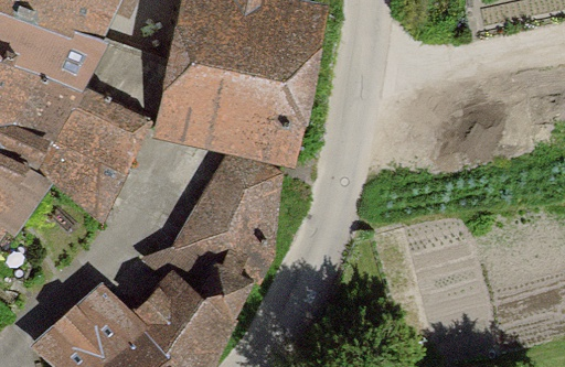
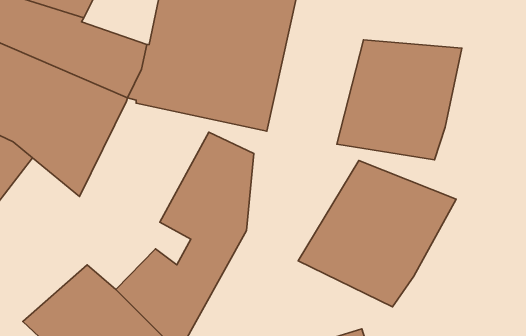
building: none -> [337,40,462,160]
building: none -> [298,161,456,307]

